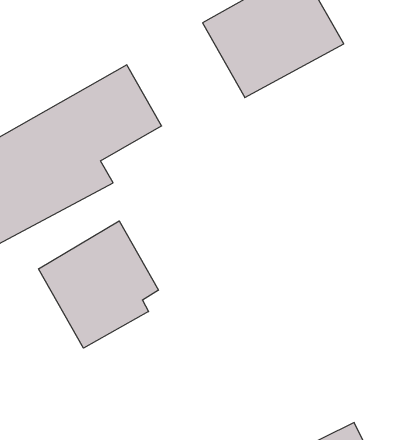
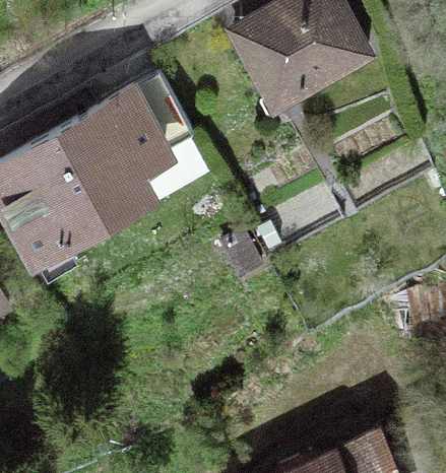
building: [39,221,158,348] -> none

